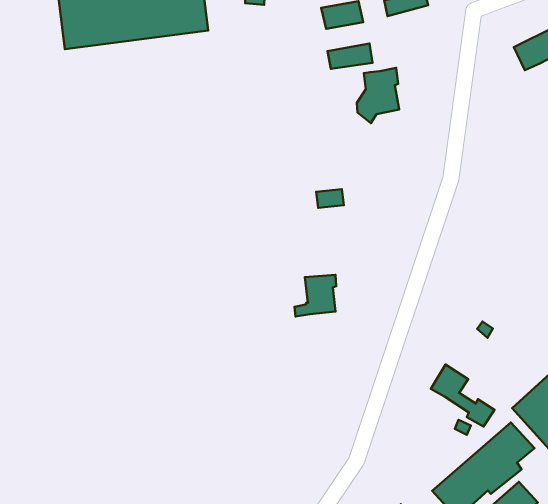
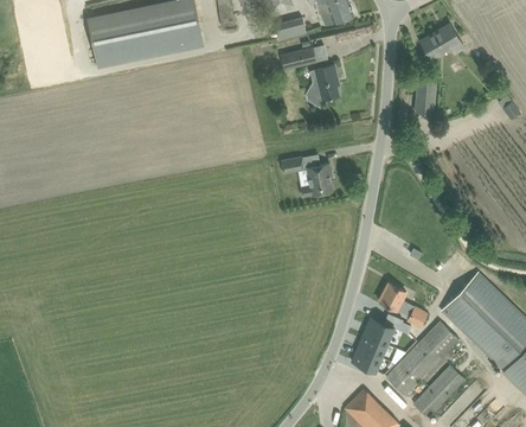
building: none -> [415,79,436,114]
building: [295,275,336,316] -> [301,164,332,197]
building: none -> [353,316,394,370]

